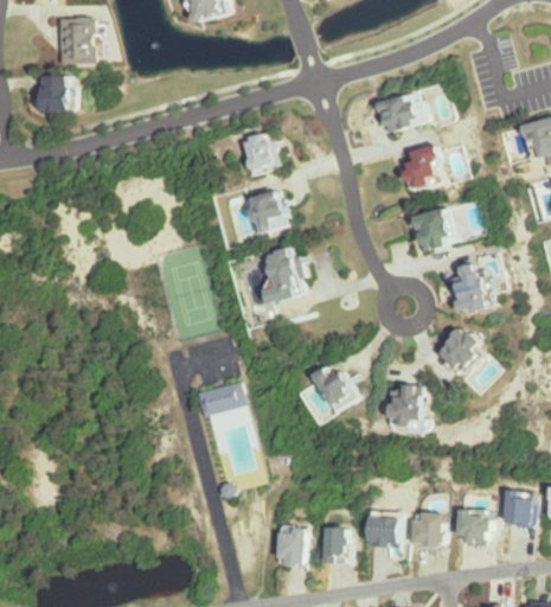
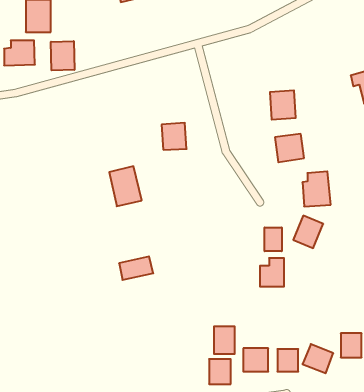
building: none -> [51,41,74,70]
building: [374,92,424,134] -> none
building: [239,133,277,172] -> none
building: [258,247,305,304] -> [109,166,142,206]
building: none -> [265,227,282,251]
building: [310,368,354,405] -> none
building: [278,526,308,566] -> [214,326,235,354]

